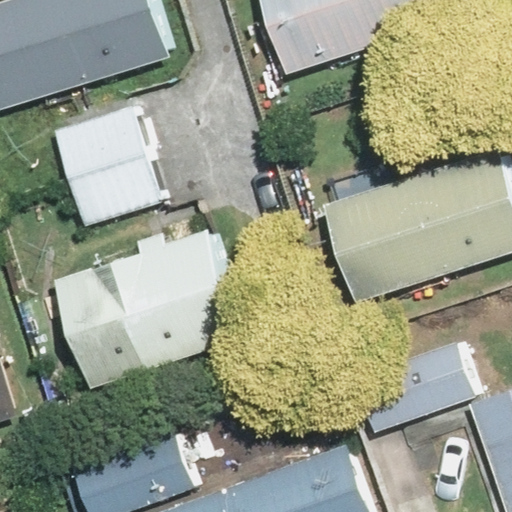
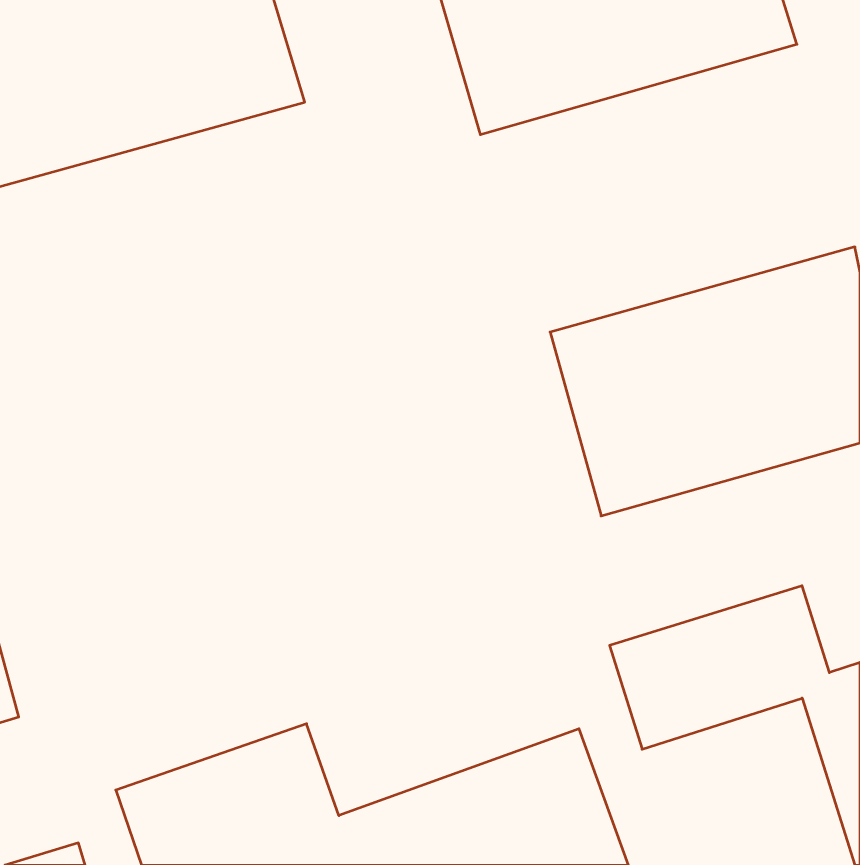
building: [51,112,162,227] -> none
building: [50,223,245,392] -> none

